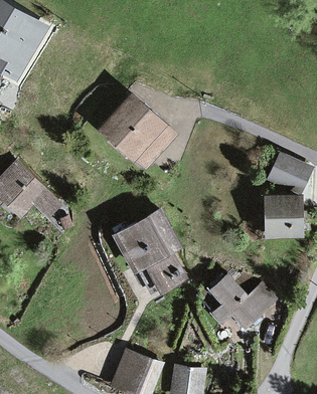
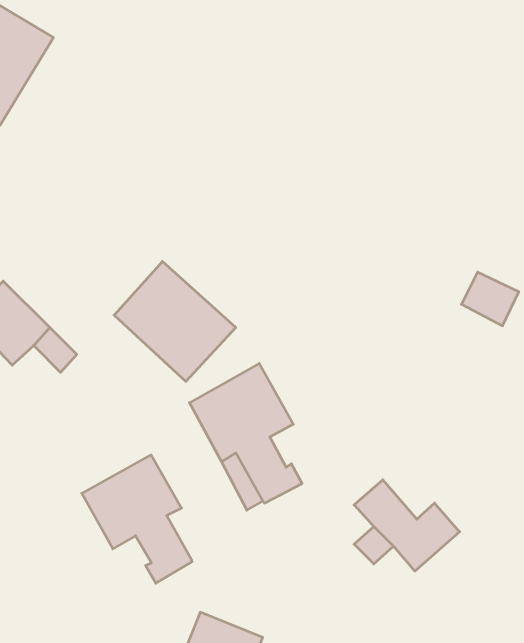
building: [104,96,172,164] -> [114,261,236,381]
building: [267,197,298,233] -> none
building: none -> [82,455,192,583]

